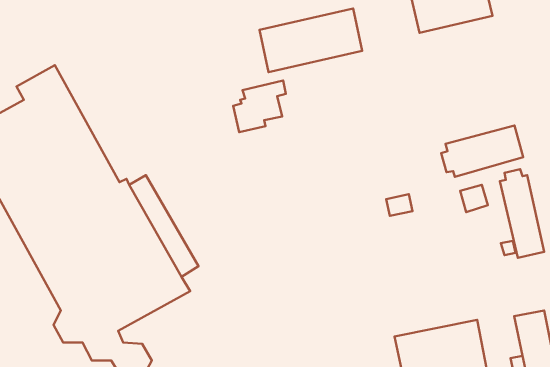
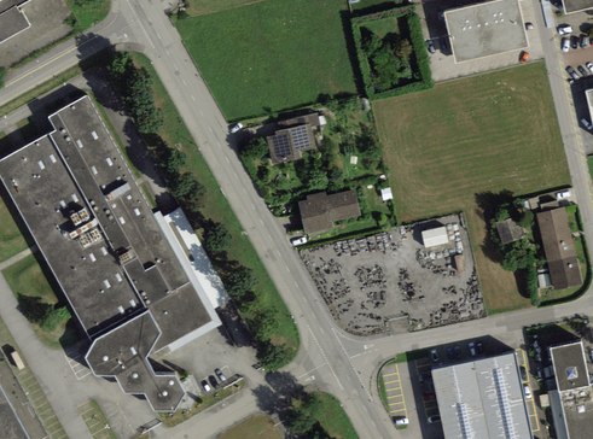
building: [260,9,362,72] -> none
building: [441,125,523,177] -> none
building: none -> [297,188,360,233]

